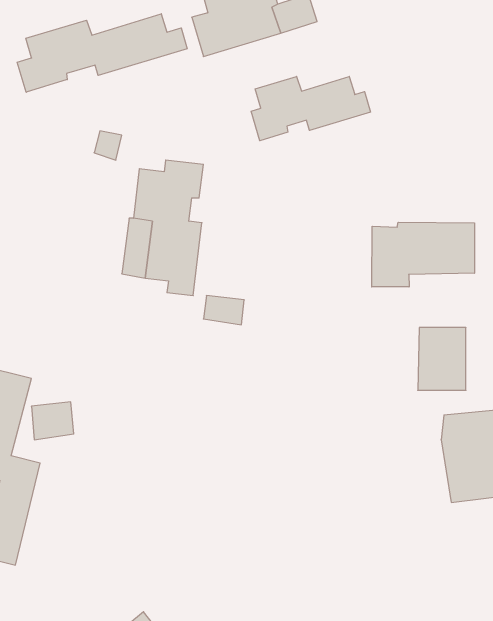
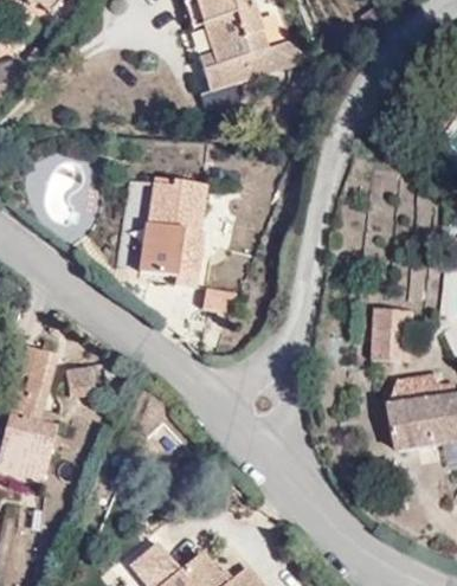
building: [17,14,187,92] -> none
building: [251,76,371,141] -> none
building: [372,222,474,287] -> none

